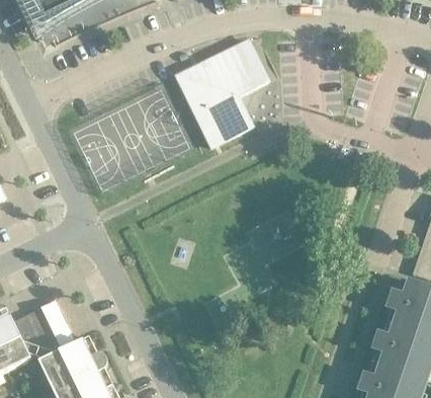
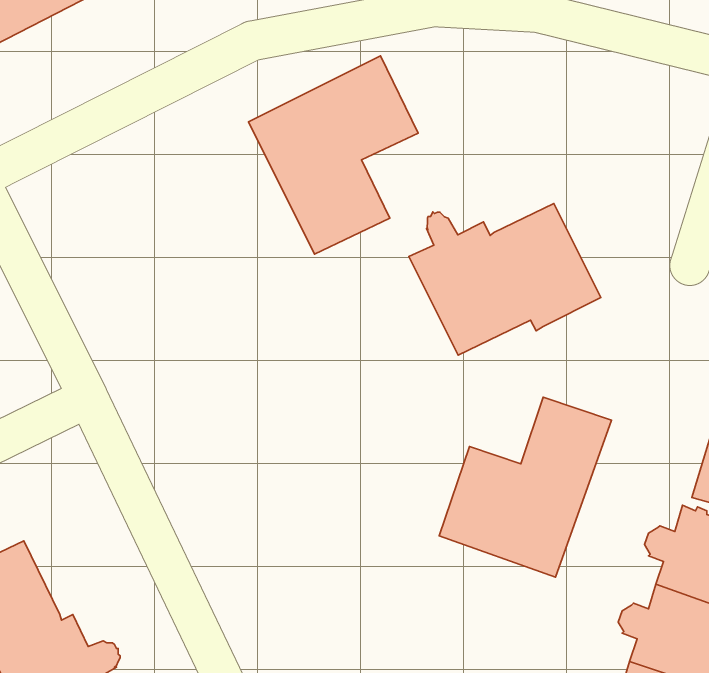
building: none -> [409,203,601,355]
building: none -> [439,397,611,577]

